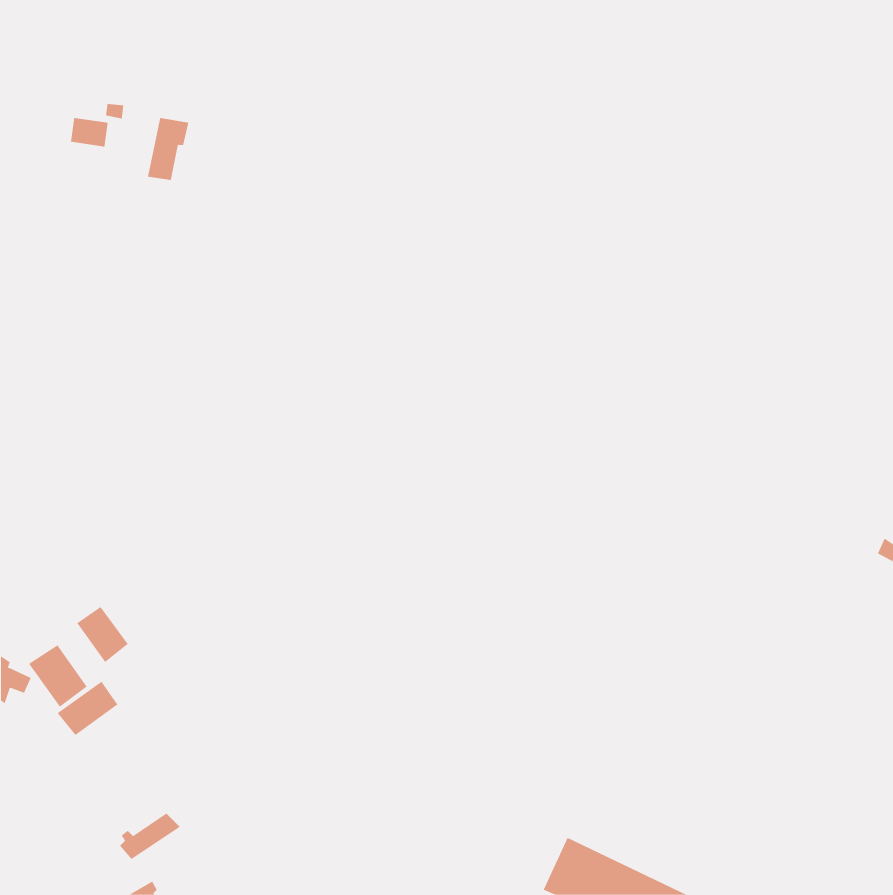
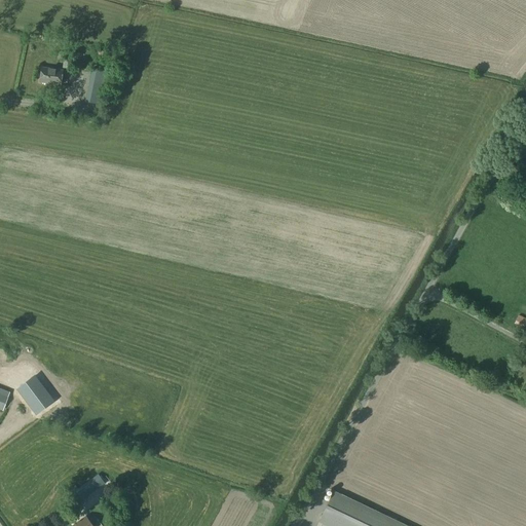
building: [76,606,128,663] -> none
building: [57,681,118,736] -> none

